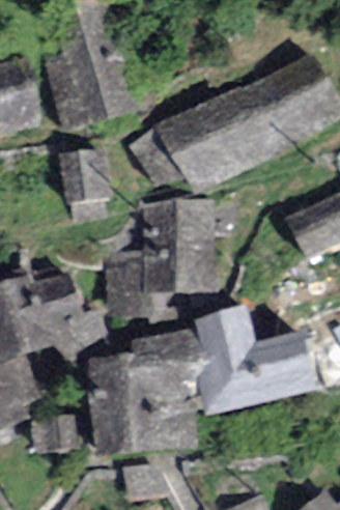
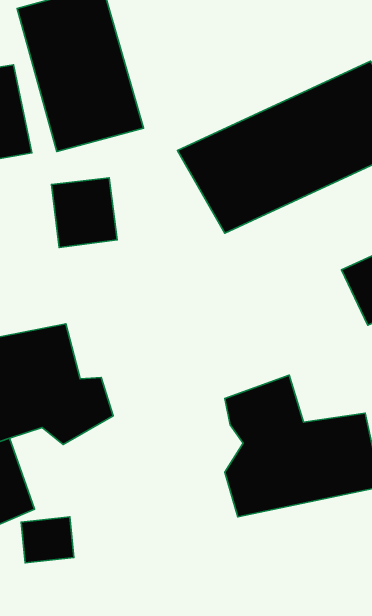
building: [103,197,217,314] -> none
building: [89,330,208,454] -> none

